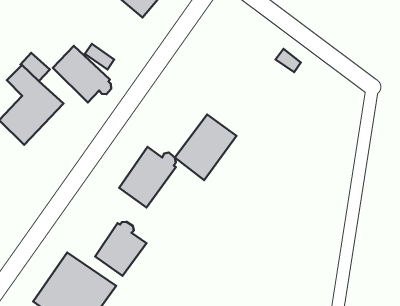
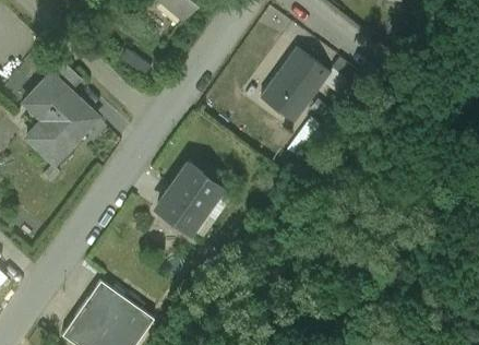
building: [53,46,111,103] -> none
building: [175,114,236,180] -> [261,48,330,121]
building: [95,222,146,276] -> none

